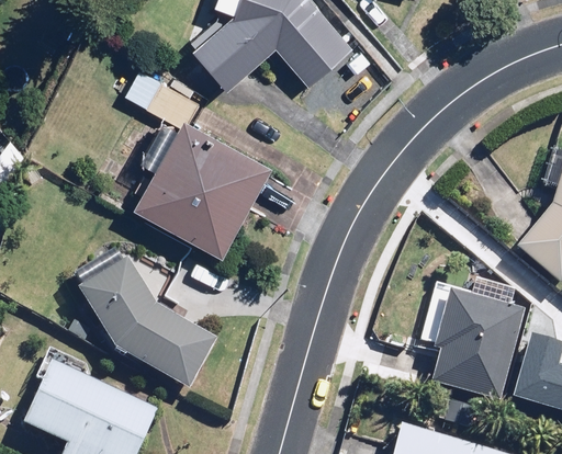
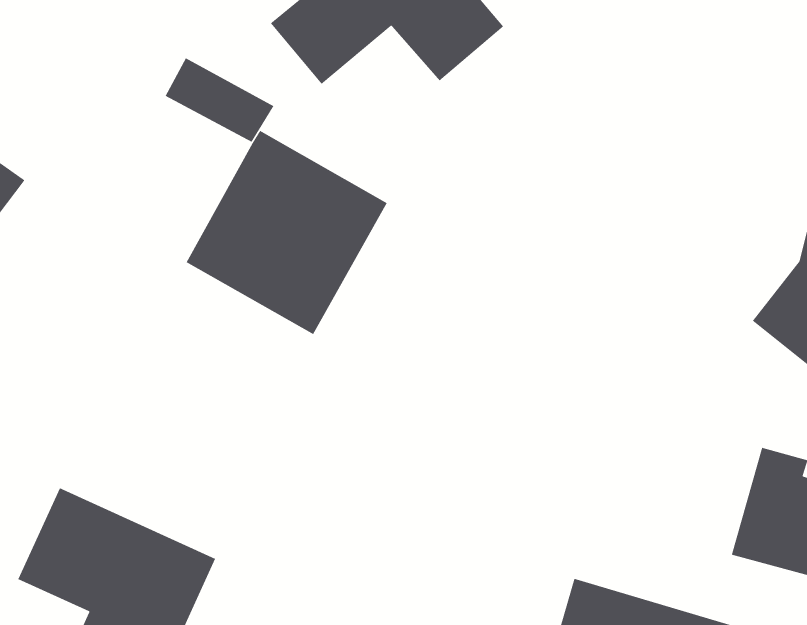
building: [78,259,217,388] -> none
building: [432,282,525,402] -> none

